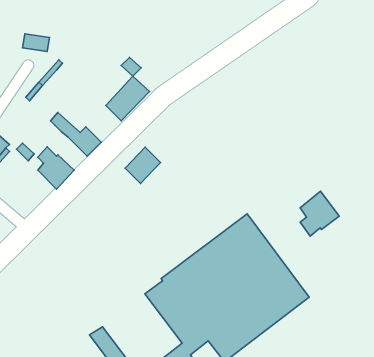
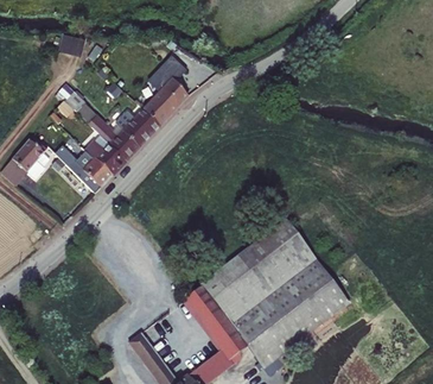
building: none -> [84,136,125,175]
building: [125,147,161,184] -> [123,109,159,146]
building: [300,191,339,236] -> none

